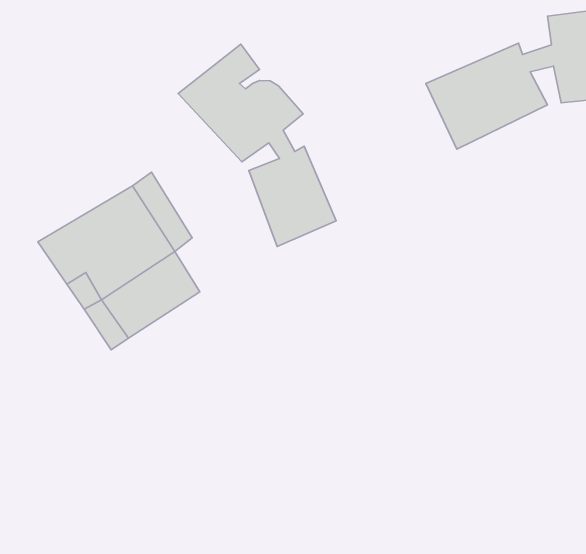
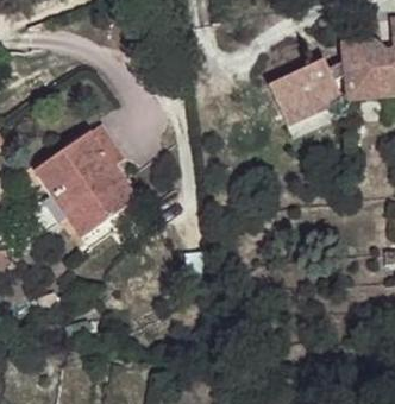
building: [178,44,336,246] -> none

